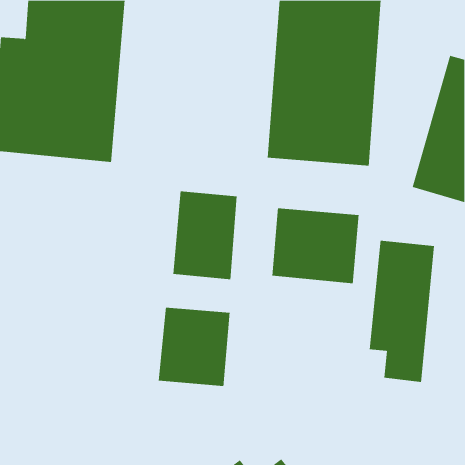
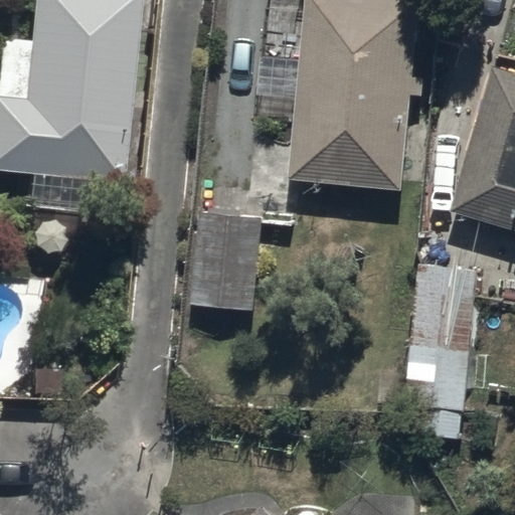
building: [272,207,359,284] -> none
building: [158,307,230,387] -> none

